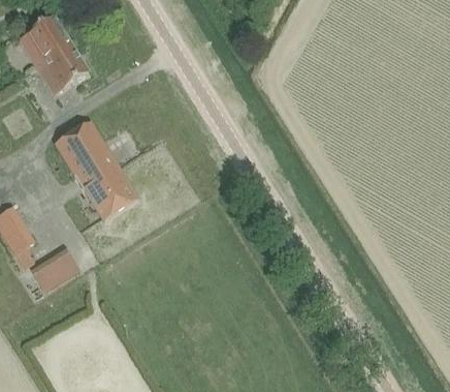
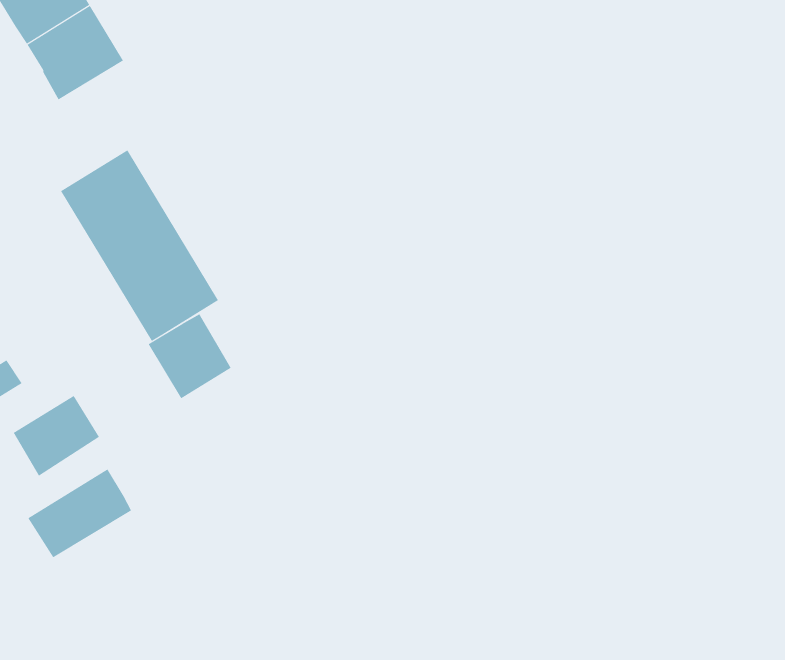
building: none -> [148,314,231,399]
building: none -> [27,469,132,558]

